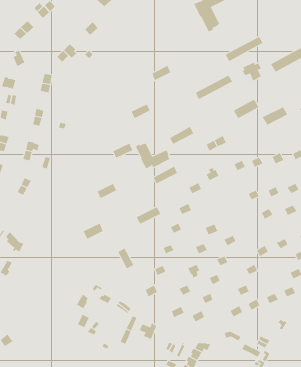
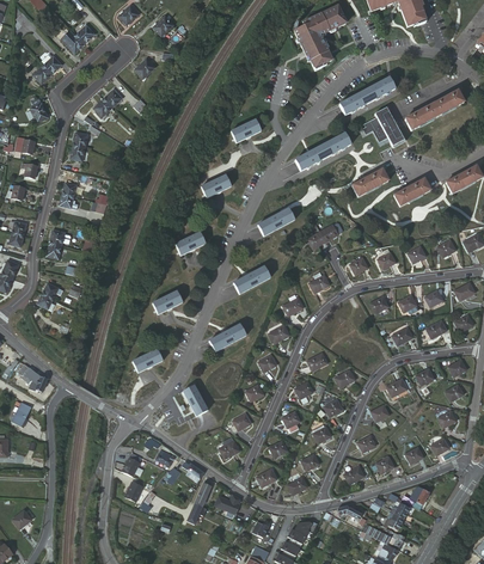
building: [135,143,170,169] -> none

